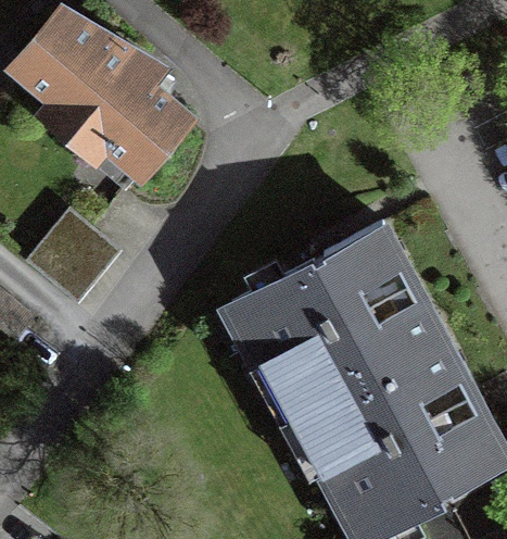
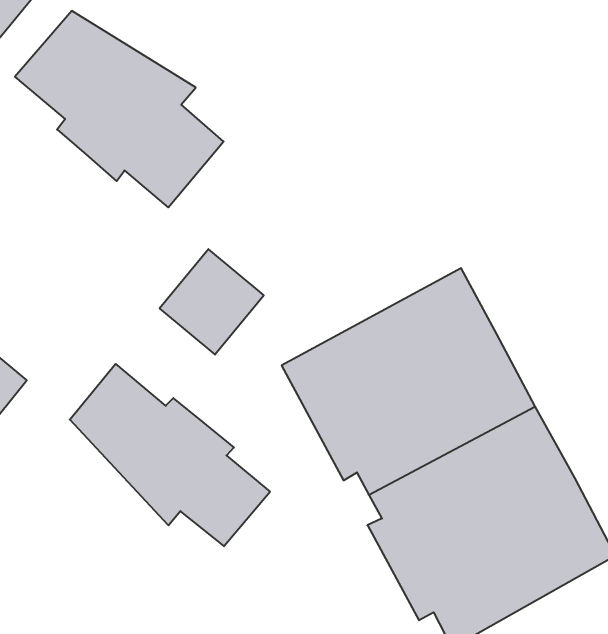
building: [28,215,114,302] -> [160,249,264,355]
building: none -> [70,364,270,546]

